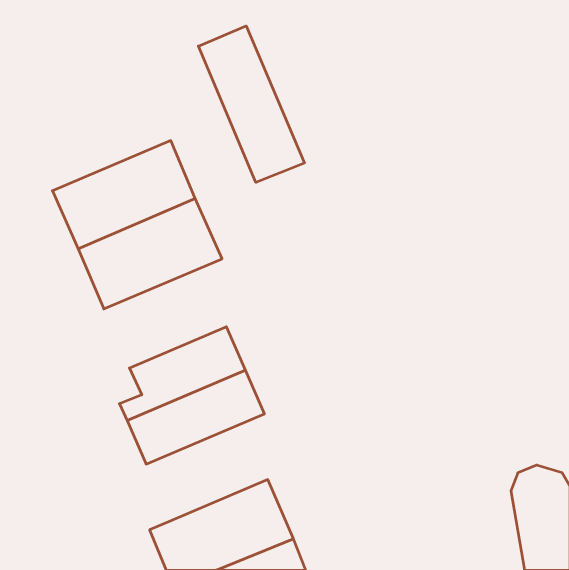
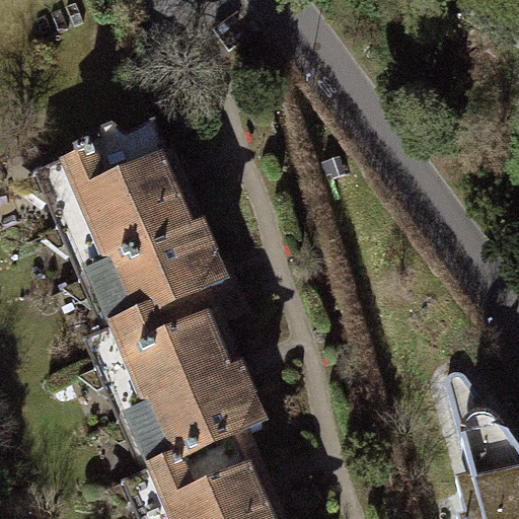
building: [198,26,304,182] -> none
building: none -> [95,235,225,335]
building: none -> [134,376,264,473]

